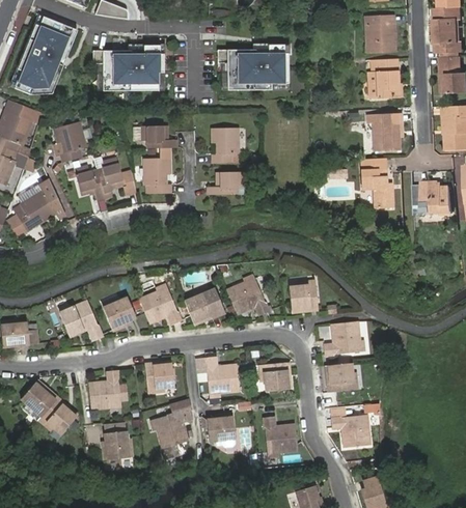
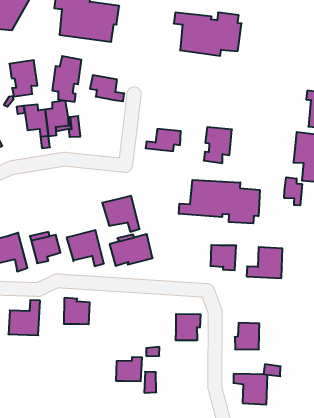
building: [211,129,238,165] -> [204,127,232,163]
building: [143,149,169,195] -> [52,56,81,102]
building: none -> [284,177,302,205]
building: none -> [179,180,260,223]
building: [225,279,268,316] -> [102,196,140,232]
building: [323,320,360,355] -> [247,247,282,278]
building: [205,357,240,393] -> none
building: [155,410,191,449] -> none
building: [263,416,296,452] -> none
building: [104,431,130,459] -> none

